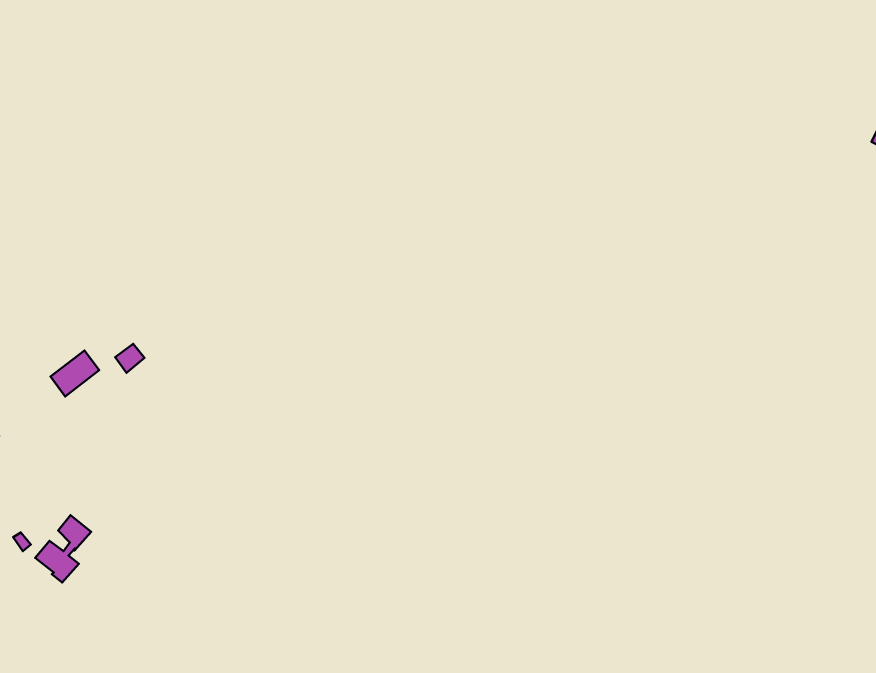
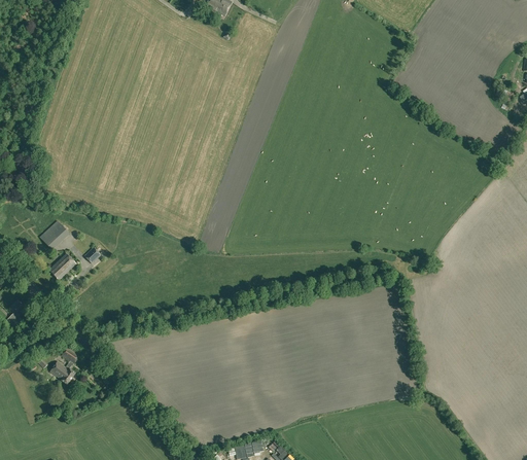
building: none -> [39,220,68,249]

